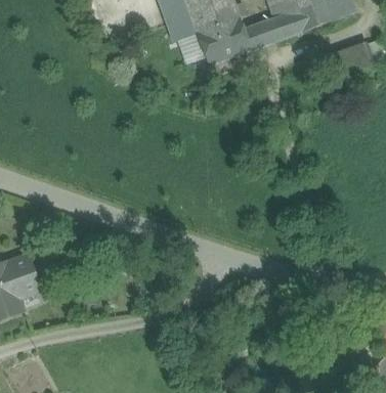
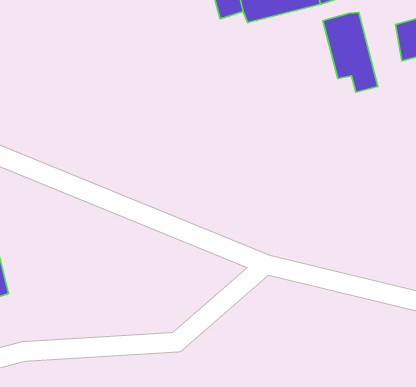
building: none -> [323,13,378,92]

